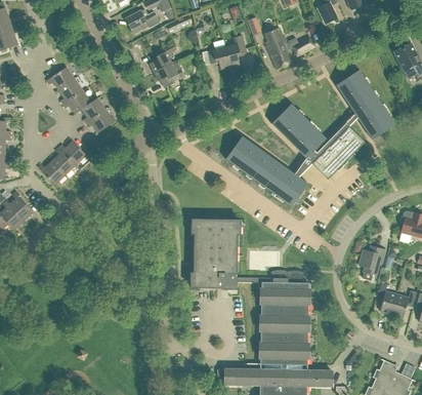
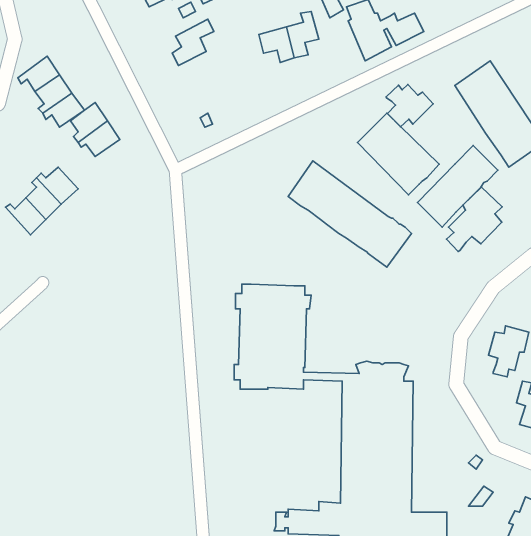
building: [153,62,185,85] -> none
building: none -> [386,84,433,127]
building: none -> [446,187,502,251]

